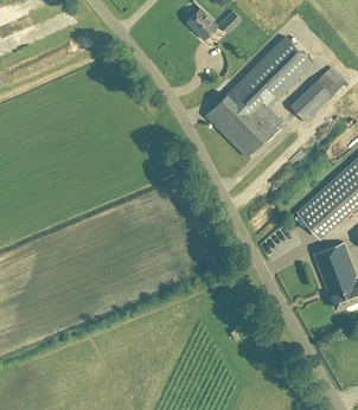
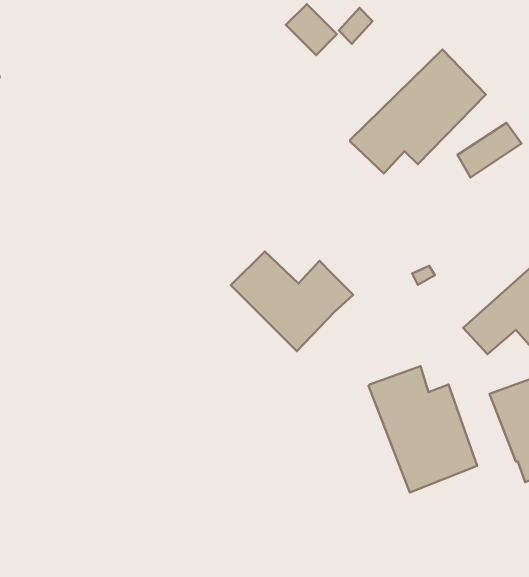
building: [204,95,281,158] -> [231,251,353,351]
building: none -> [368,366,477,493]

